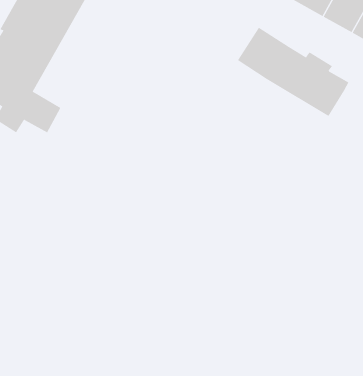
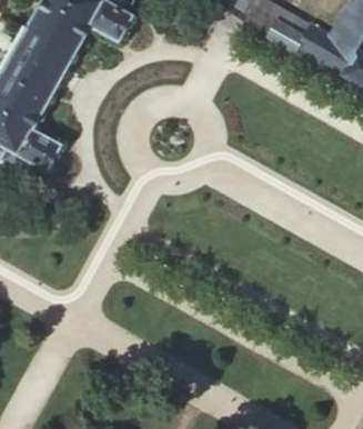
building: [237,27,349,117] -> none

